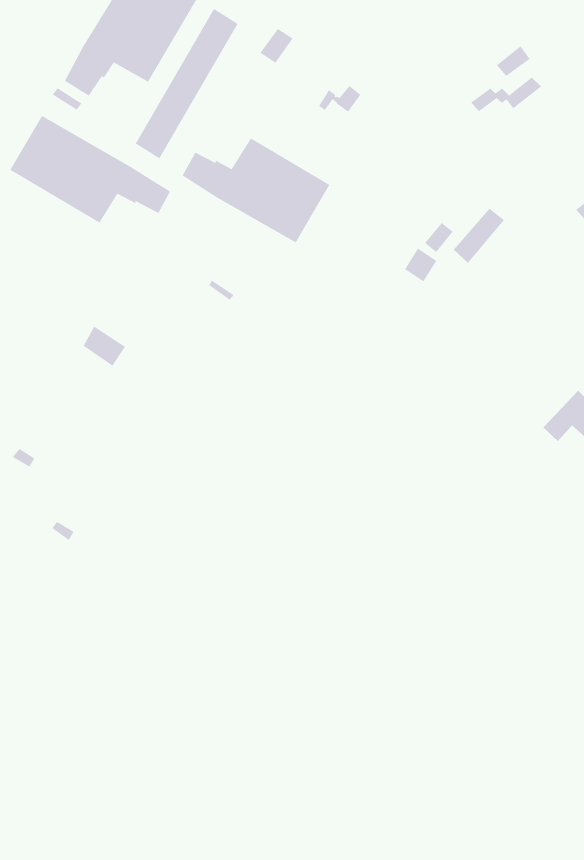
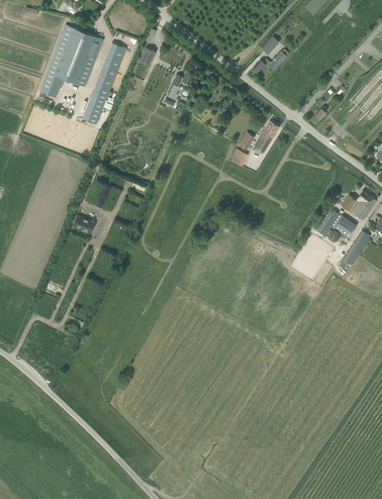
building: [10,115,171,223] -> none
building: [182,137,330,243] -> none

